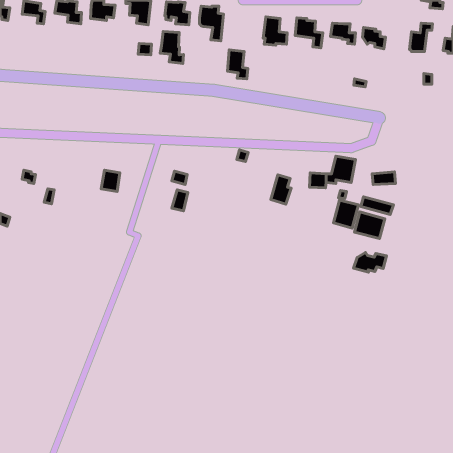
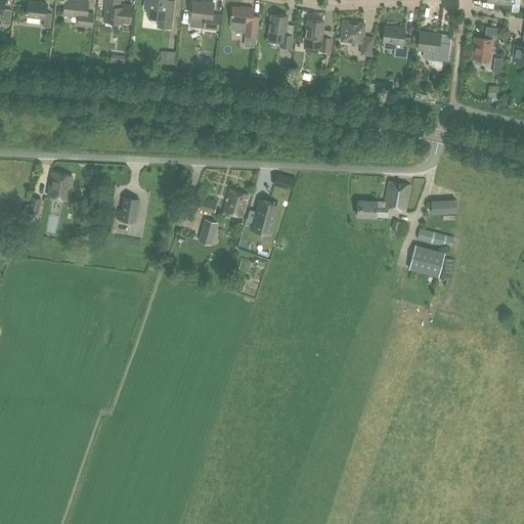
building: [160,31,183,63] -> none
building: [227,50,248,79] -> [268,13,292,47]
building: none -> [47,172,73,199]
building: none -> [223,188,248,216]
building: [271,175,291,204] -> [252,200,275,233]
building: [333,200,358,228] -> none
building: [354,252,387,272] -> none

